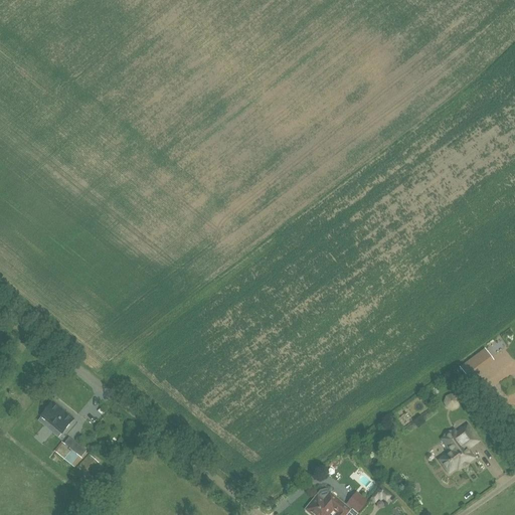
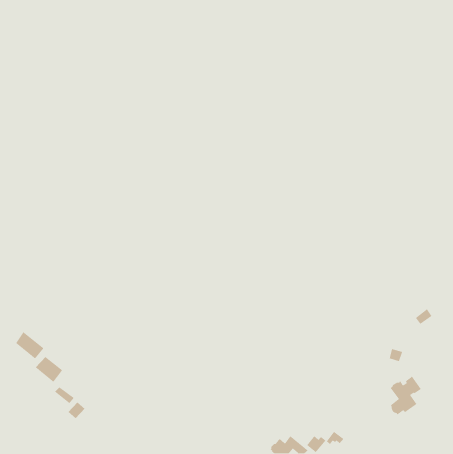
building: none -> [15,331,44,359]

